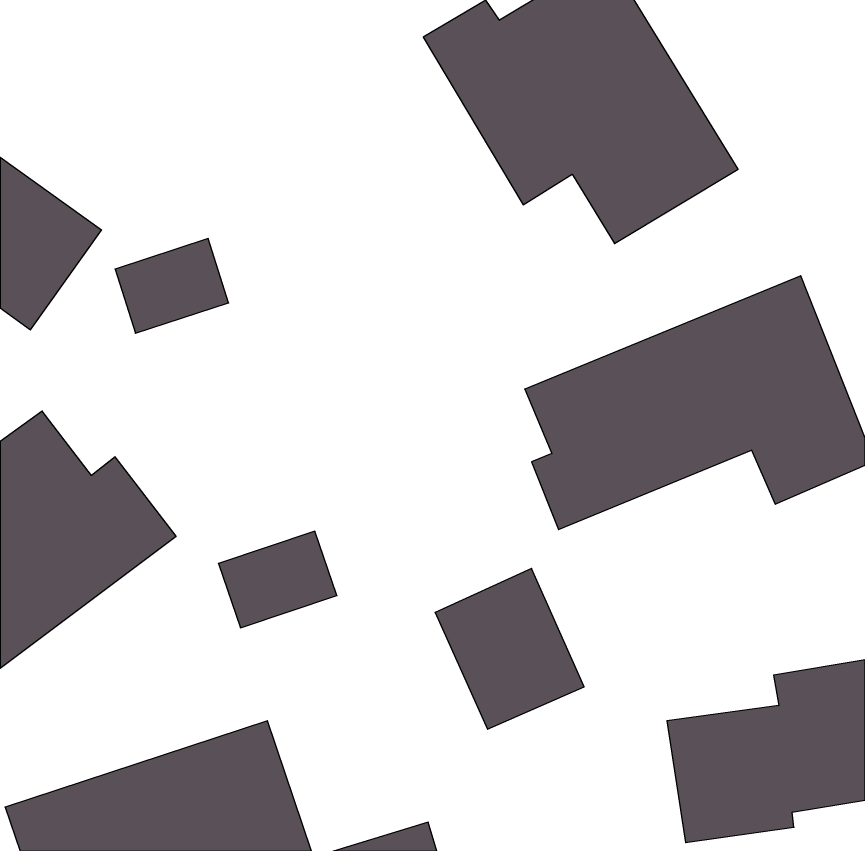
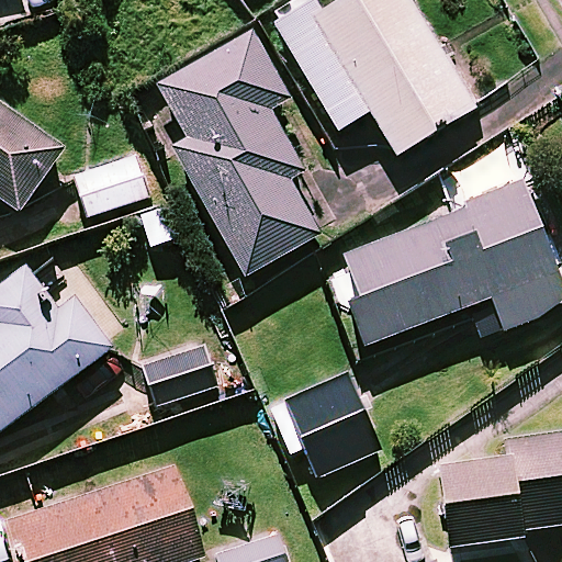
building: none -> [156,30,321,278]

